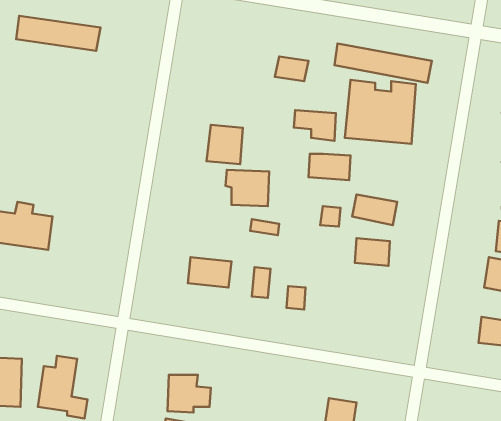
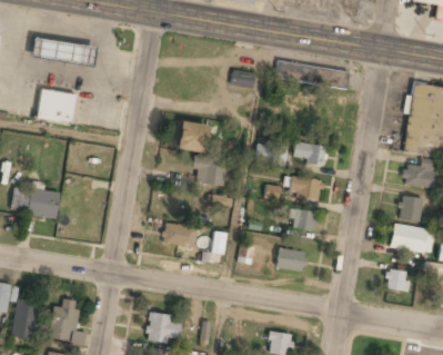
building: none -> [37,88,77,124]
building: [294,110,336,141] -> [293,142,325,166]
building: none -> [276,248,305,270]

